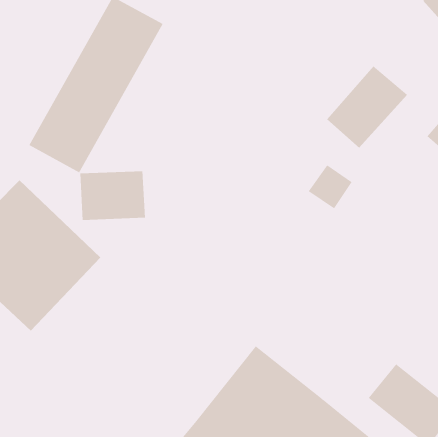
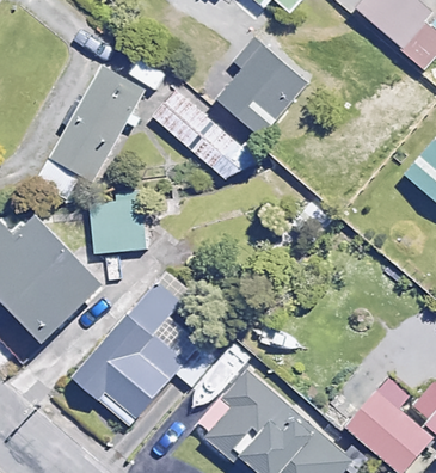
building: none -> [149,91,240,177]
building: [326,65,408,148] -> [226,53,302,130]
building: none -> [66,281,207,429]

